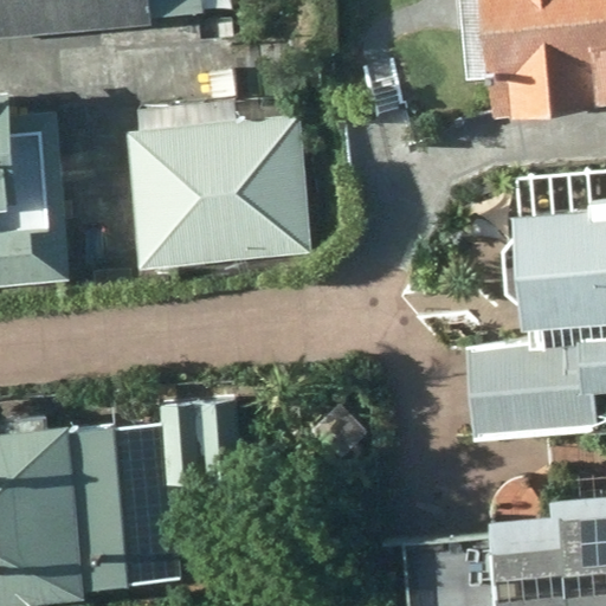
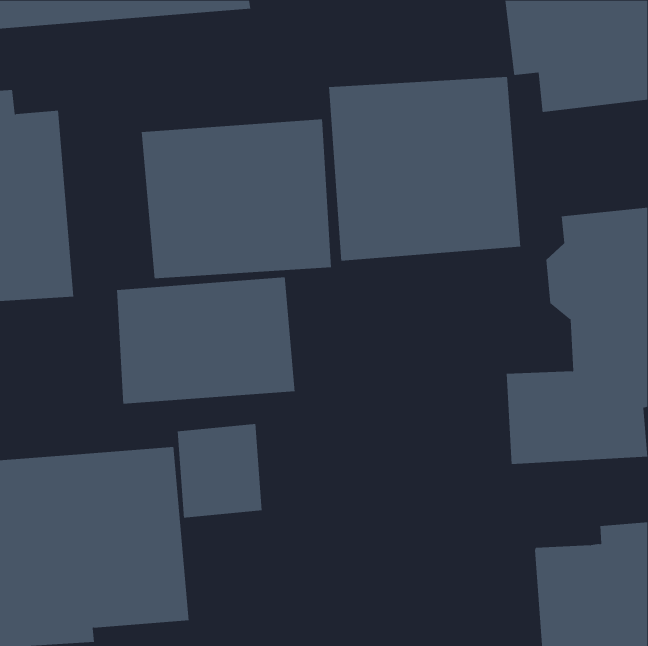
building: none -> [328,76,521,261]
building: none -> [117,276,295,404]

